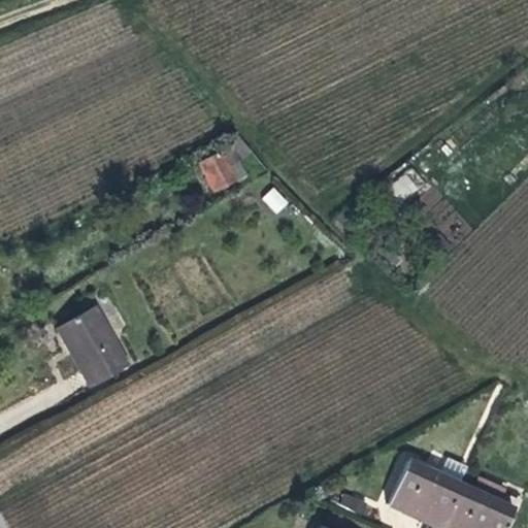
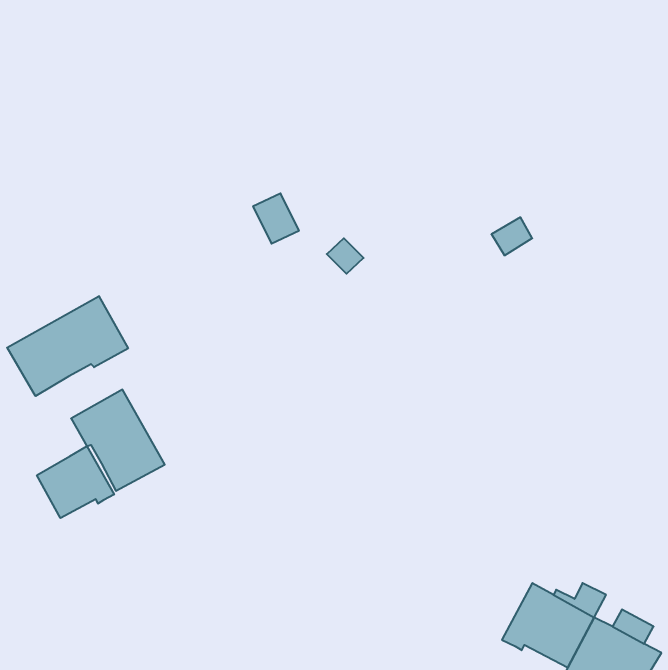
building: none -> [7,296,128,396]
building: none -> [37,446,114,518]

